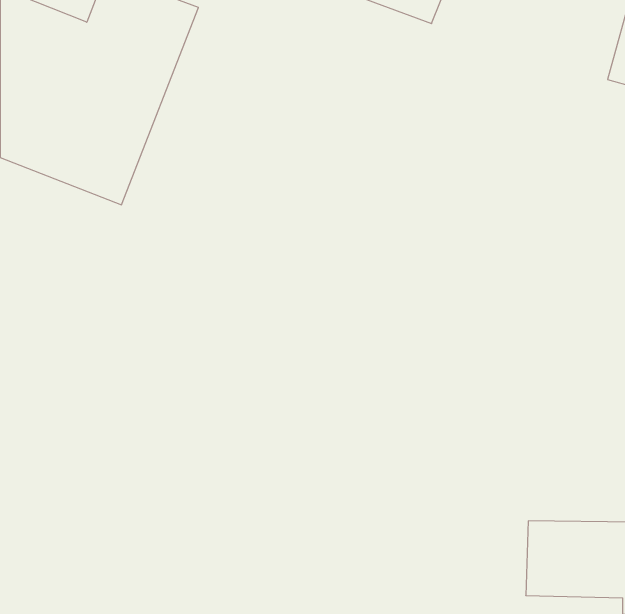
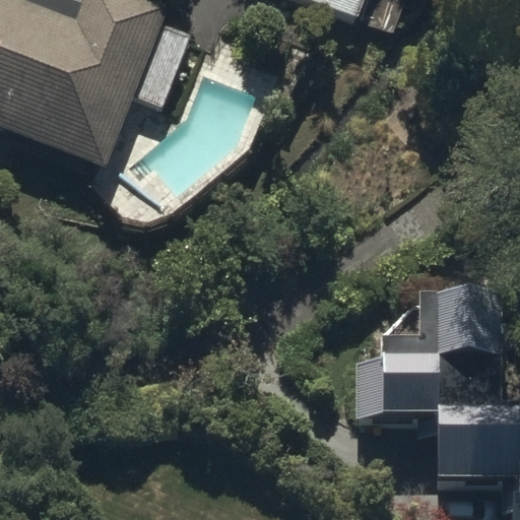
building: none -> [356,322,486,424]

